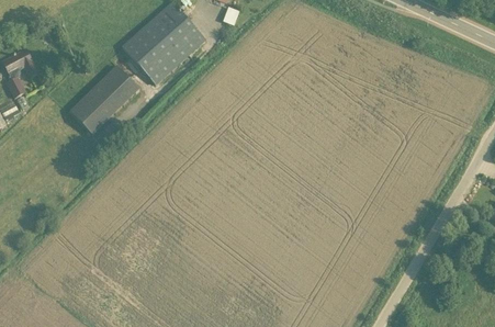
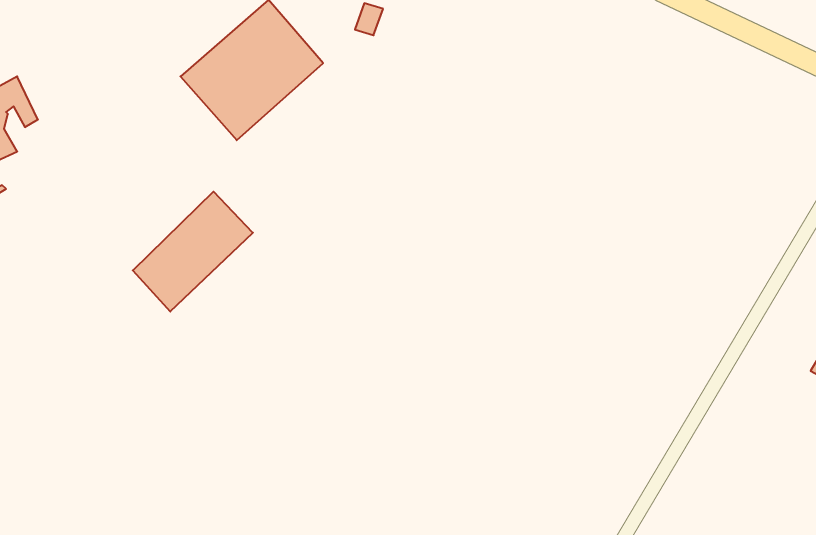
building: [69,64,139,134] -> [133,192,253,312]

